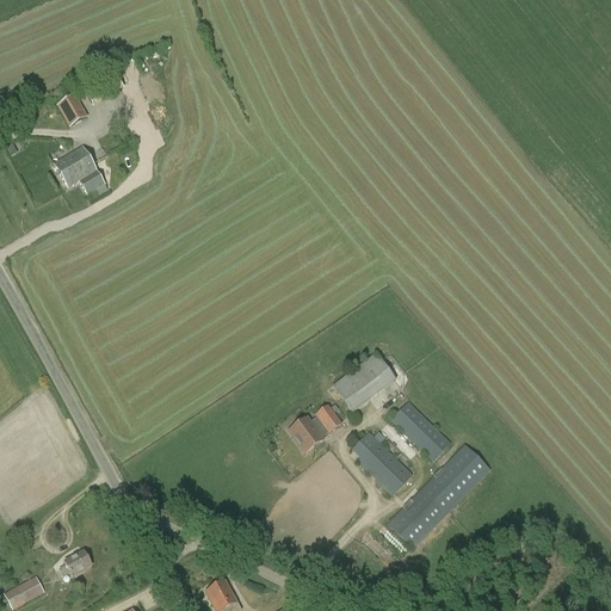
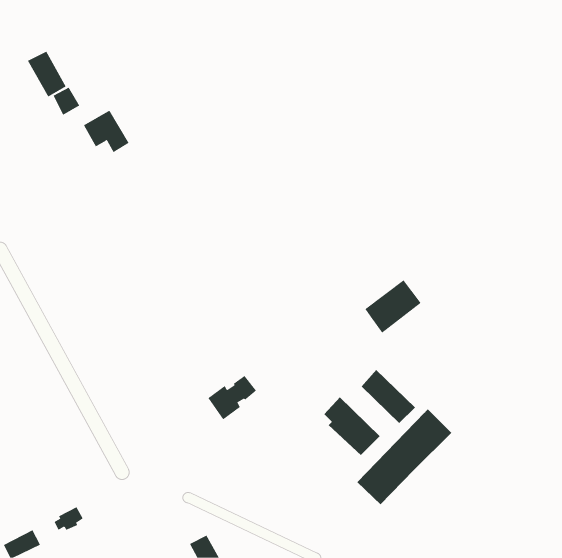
building: none -> [27,51,67,98]
building: [54,147,104,193] -> [83,110,130,153]
building: [333,353,395,412] -> [364,280,422,333]
building: [288,405,341,453] -> [207,375,257,420]

